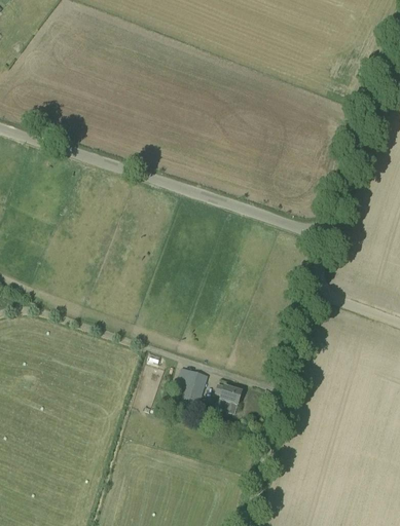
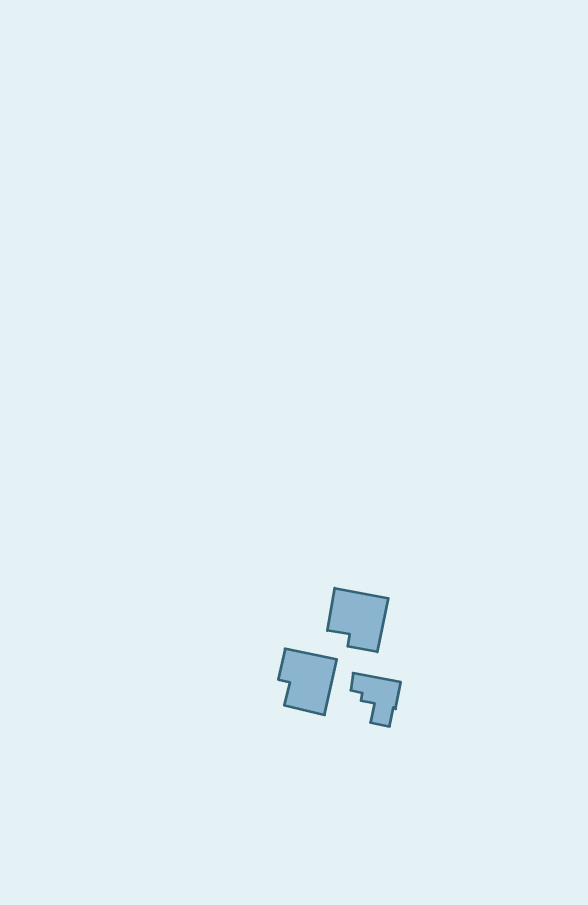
building: none -> [327,588,388,652]

